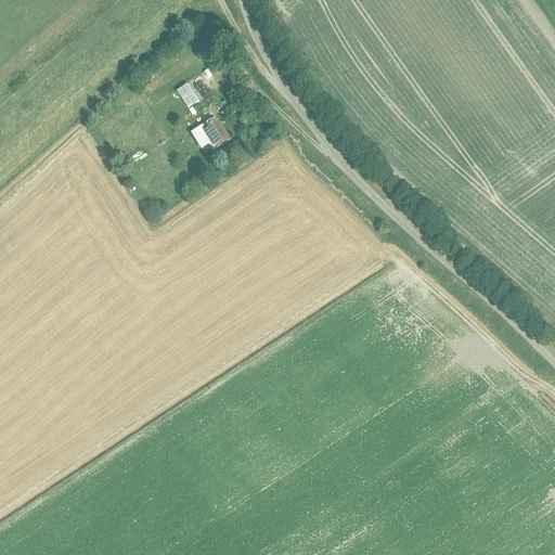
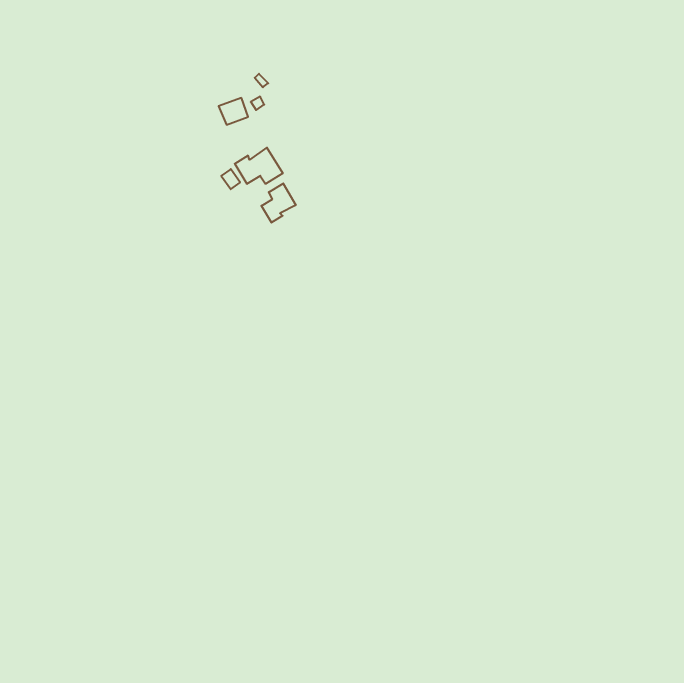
building: none -> [261,183,296,223]

